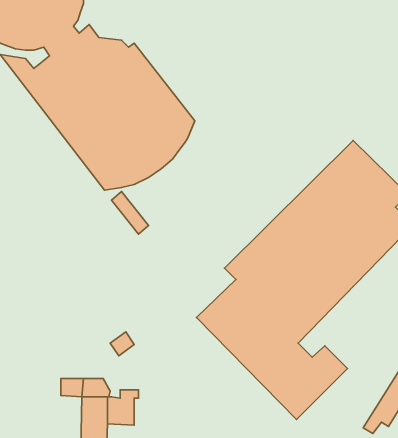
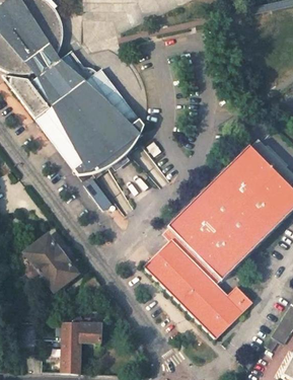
building: none -> [24,234,76,289]

